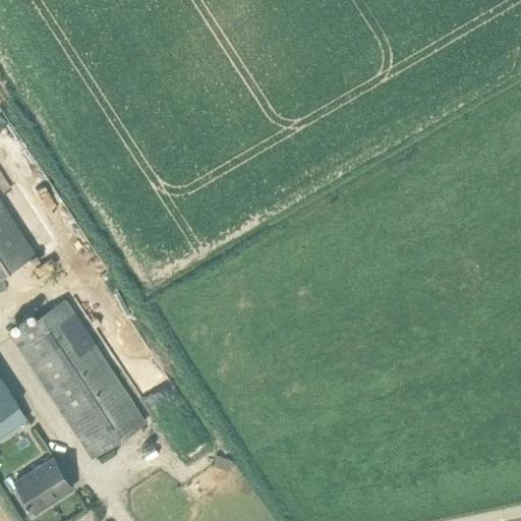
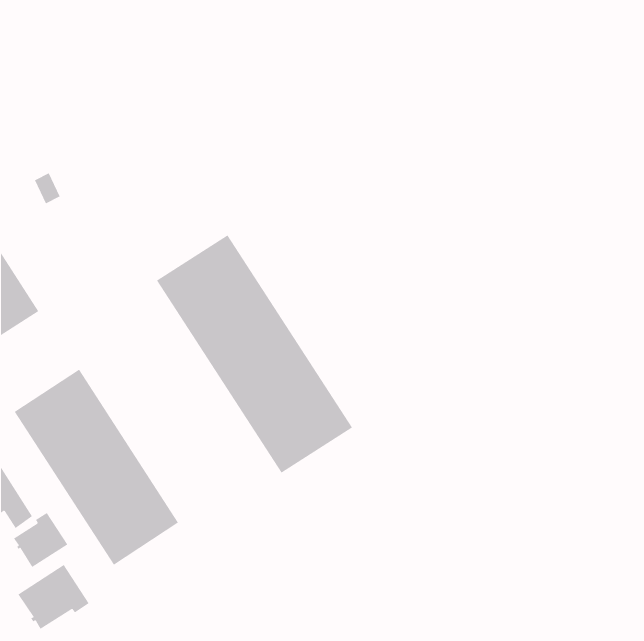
building: none -> [156,235,353,474]
building: none -> [13,512,68,568]

